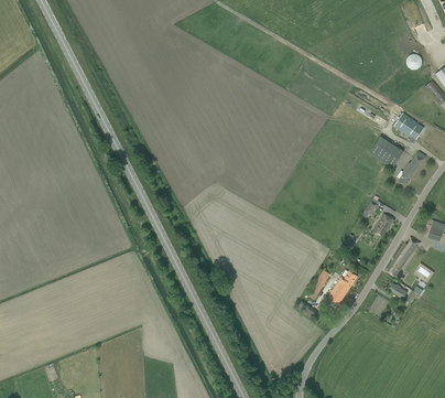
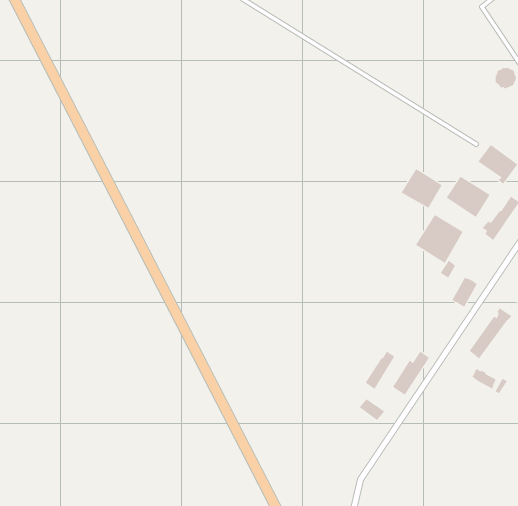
building: none -> [401,168,443,209]
building: none -> [415,214,464,264]

